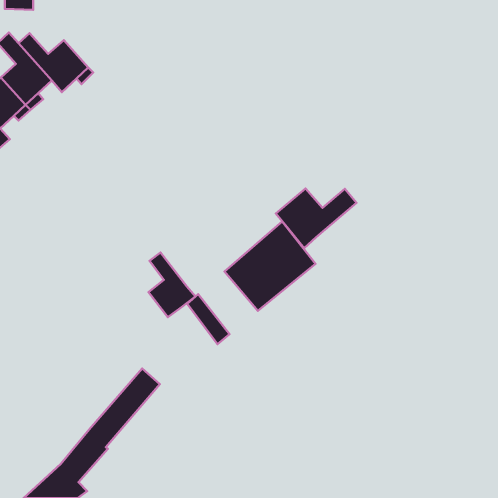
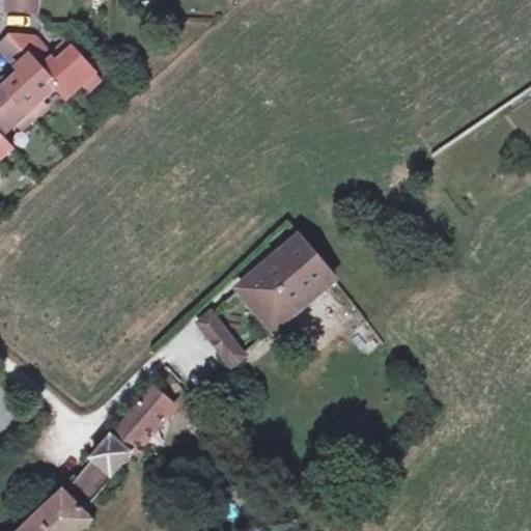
building: [276,188,357,248] -> none
building: [148,252,195,317] -> none

